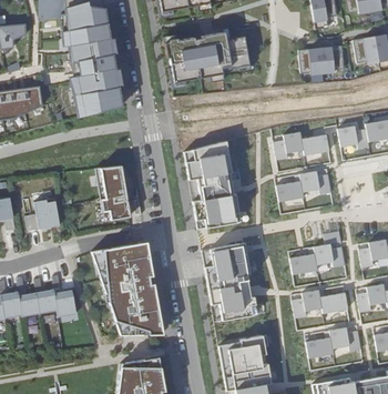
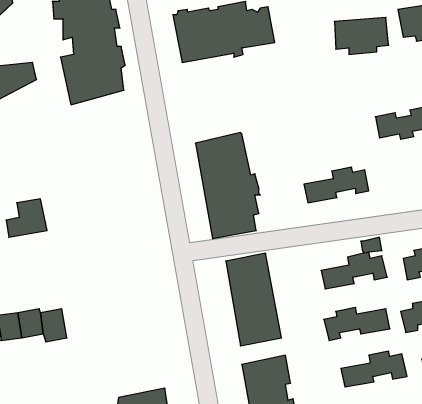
building: [273,131,327,160] -> none
building: [95,165,130,220] -> none
building: [92,242,163,335] -> none

